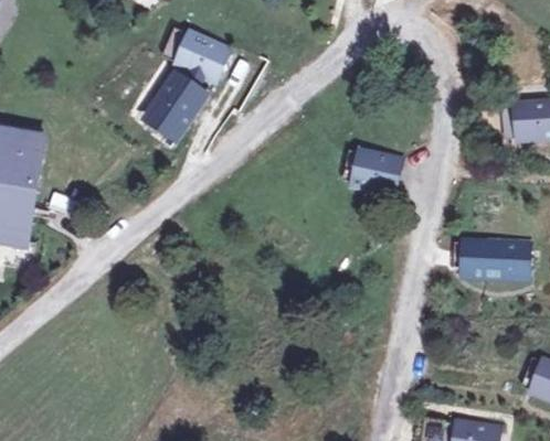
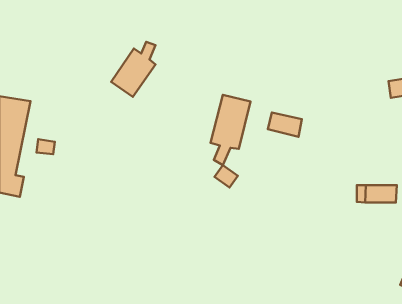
building: [181,29,229,66] -> none
building: none -> [211,95,250,165]

